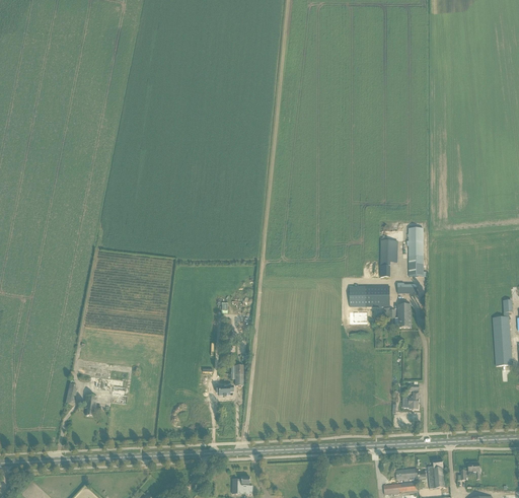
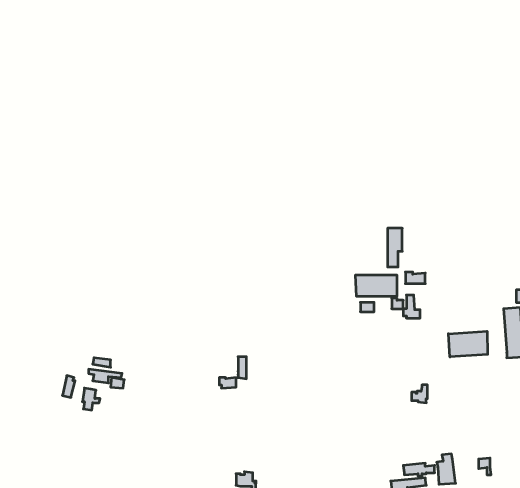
building: [407,227,426,276] -> none
building: none -> [448,331,488,357]

